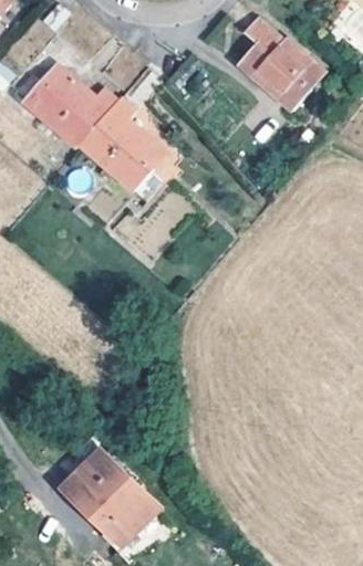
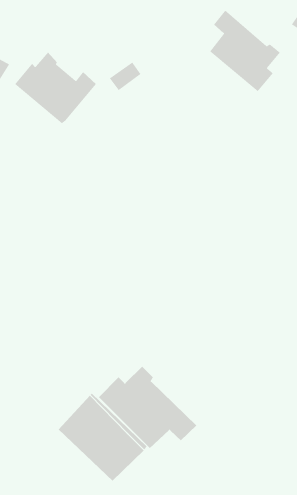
building: [77,96,156,187] -> none
building: none -> [98,366,197,449]

